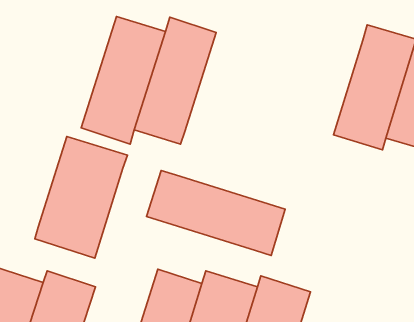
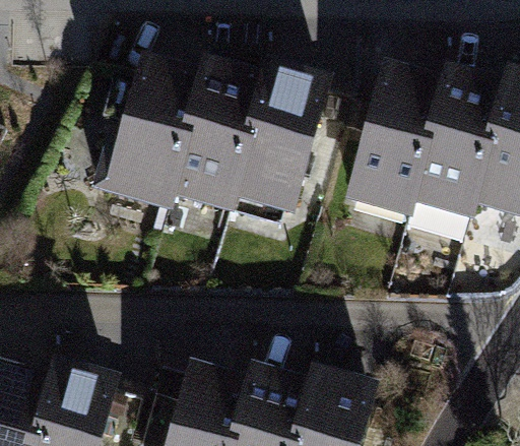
building: none -> [225,65,326,216]
building: none -> [344,71,440,218]
building: [35,136,127,258] -> none
building: [147,170,285,256] -> none

